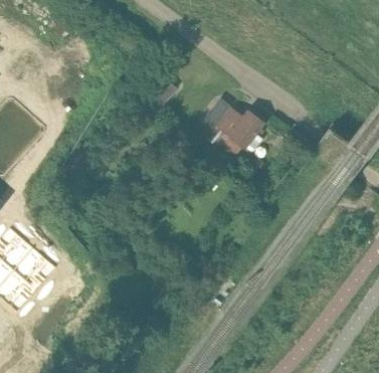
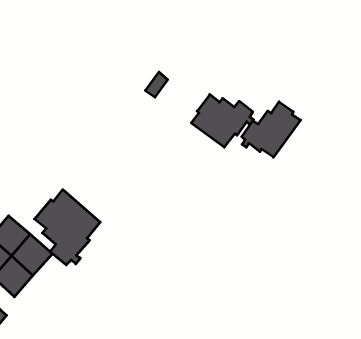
building: none -> [242,102,301,157]
building: none -> [34,190,100,265]

